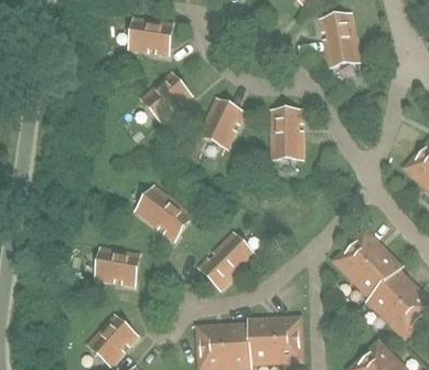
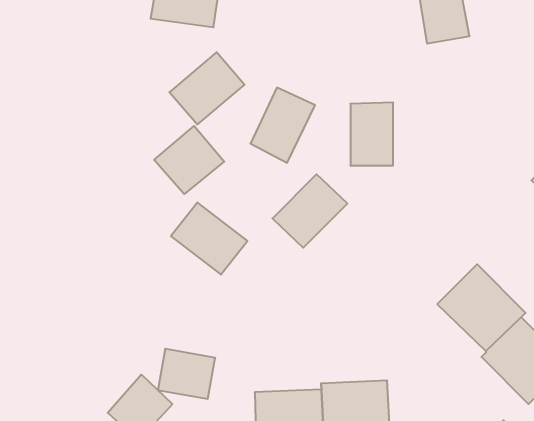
building: none -> [154,126,224,194]
building: [199,232,255,287] -> [272,174,347,248]
building: [96,246,139,284] -> [158,349,215,399]

